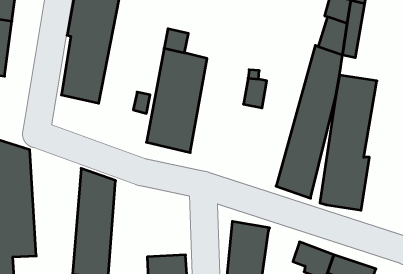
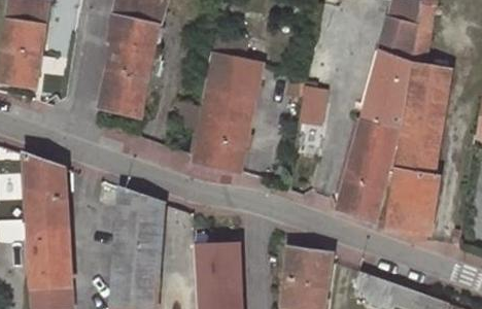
building: none -> [407,63,451,92]
building: none -> [193,243,237,286]

